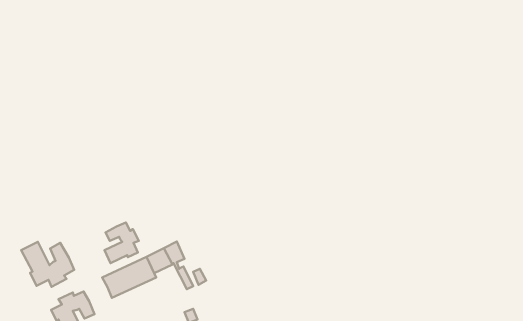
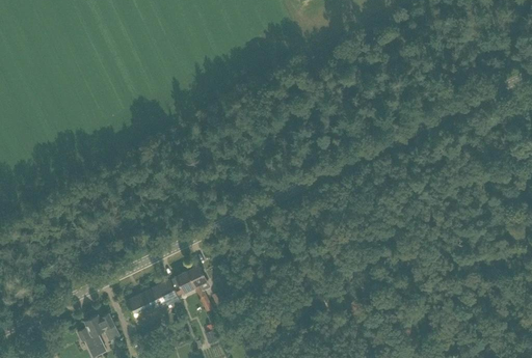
building: [104,223,139,263] -> none
building: [21,242,74,287] -> none

